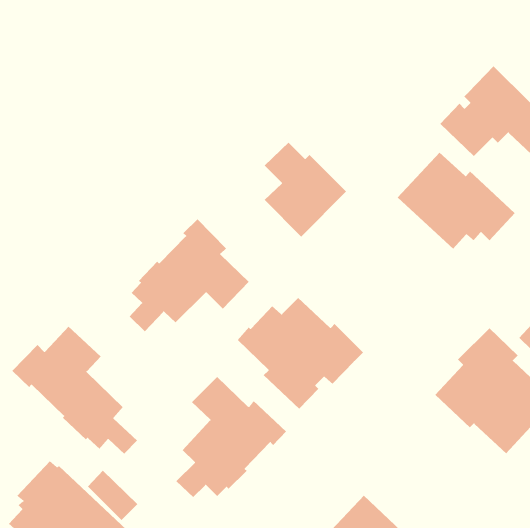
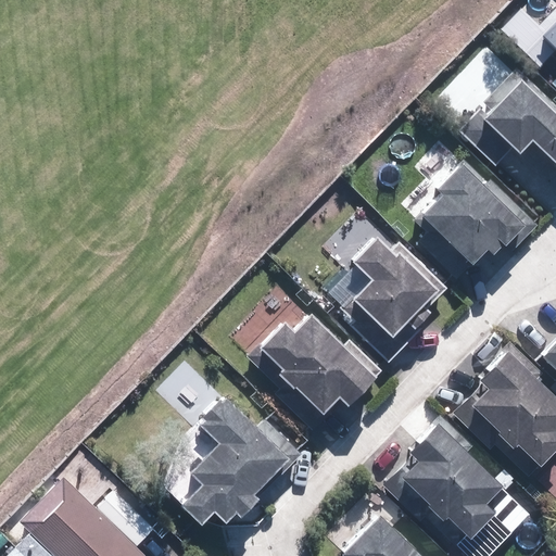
building: [264,142,347,237] -> [354,237,441,337]
building: [129,219,249,332] -> none
building: [12,326,138,455] -> none
building: none -> [386,428,514,542]

